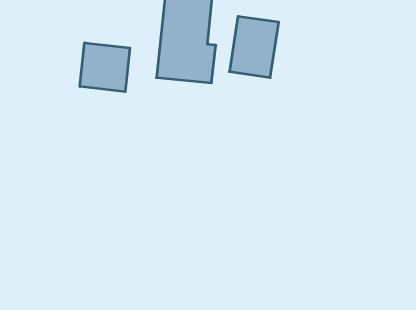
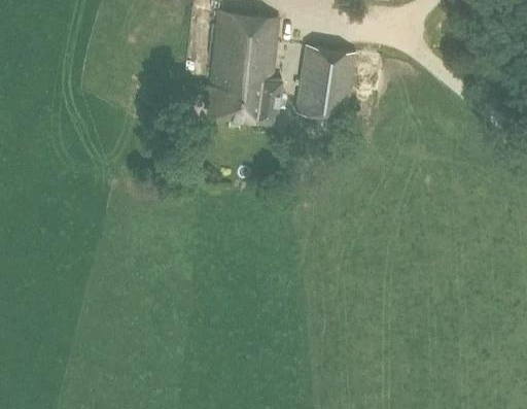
building: [80,43,130,92] -> none

